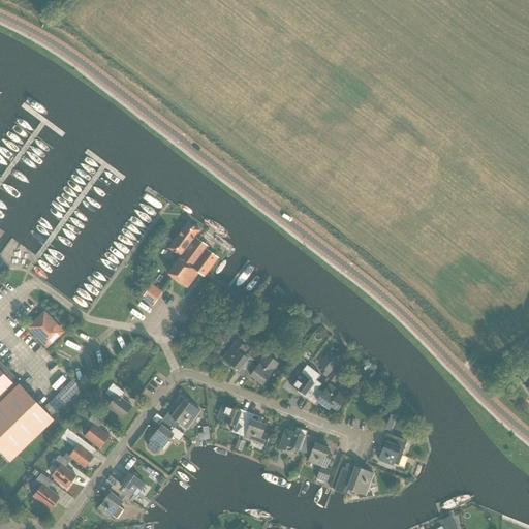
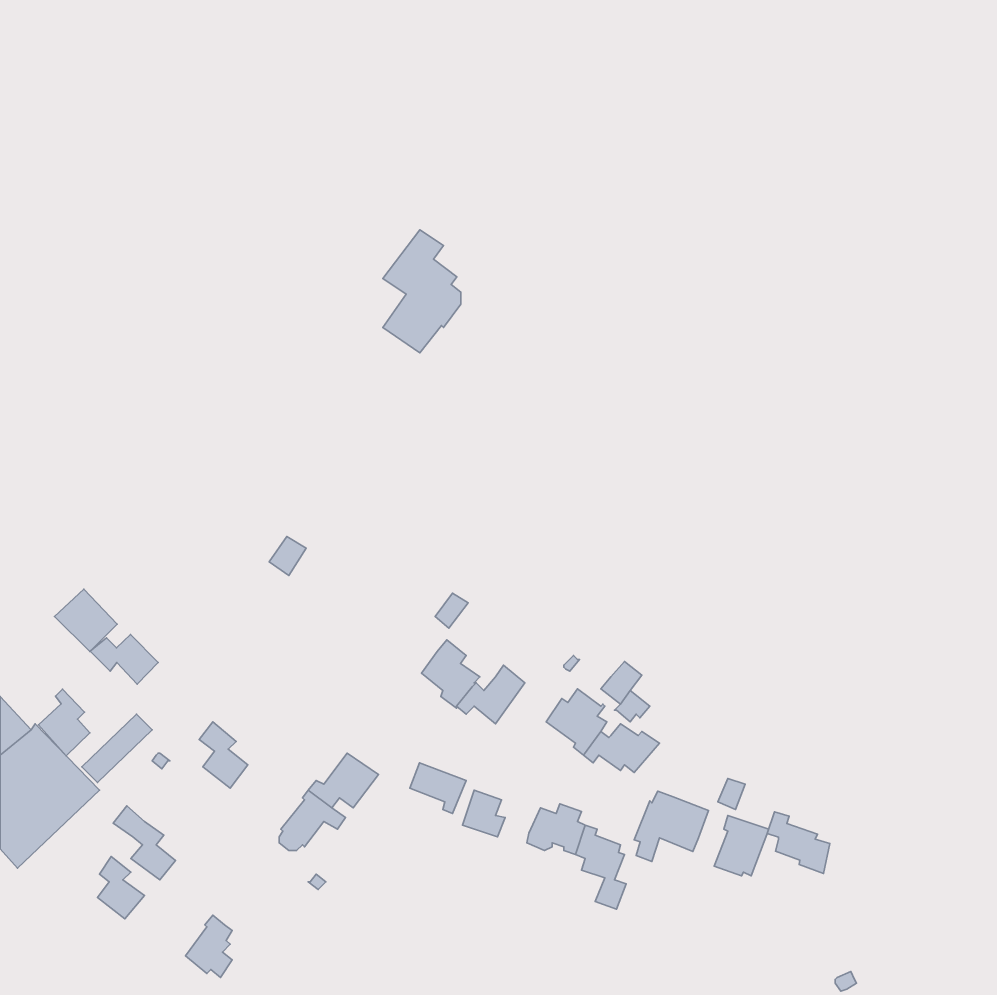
building: [168,221,210,286] -> [383,230,461,353]
building: none -> [90,635,158,684]
building: none -> [39,689,90,756]
building: [85,414,108,446] -> none
building: none -> [767,812,830,873]
building: [334,464,373,501] -> [634,791,708,861]
building: [113,471,145,499] -> none
building: [32,472,60,508] -> none

